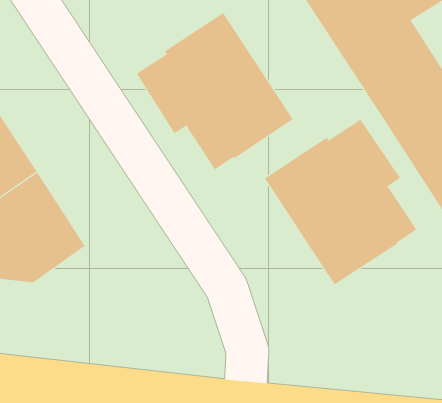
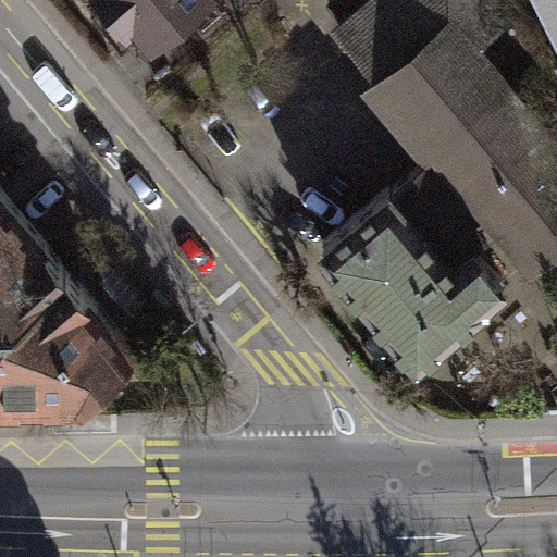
building: [136,12,293,170] -> none

